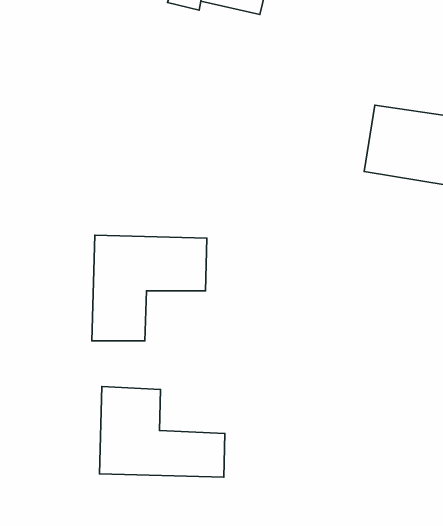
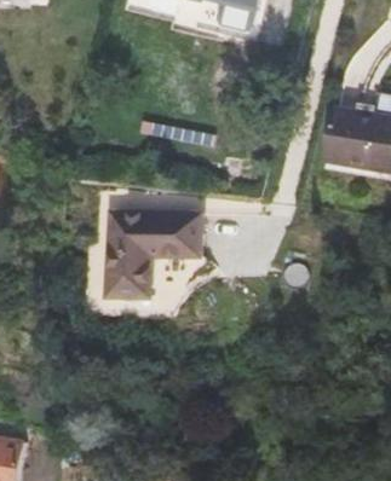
building: [100,387,225,477] -> none

